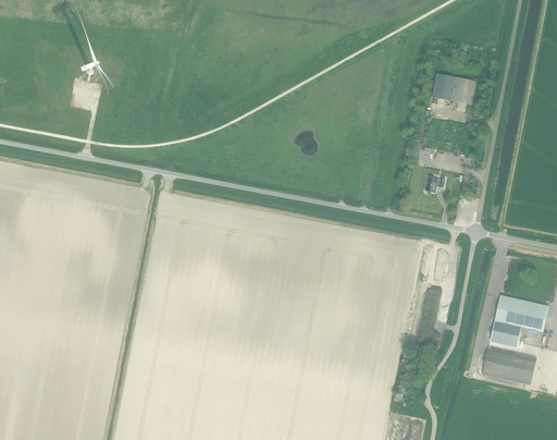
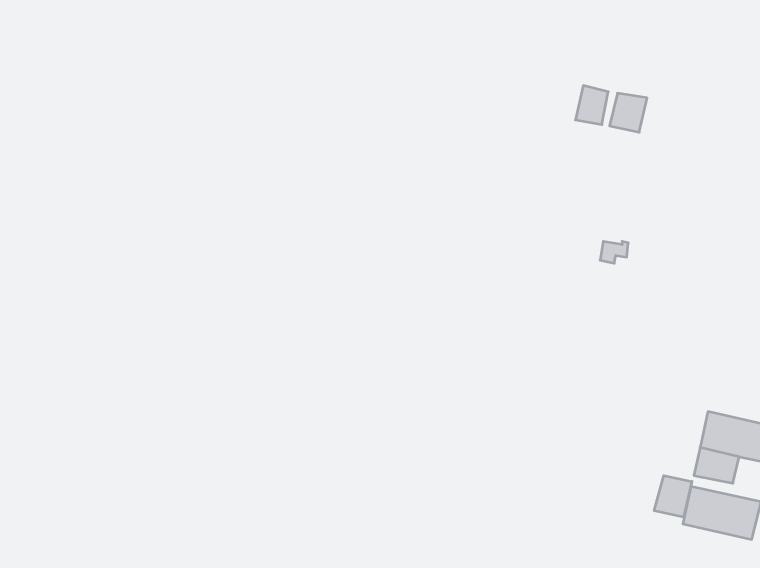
building: [451,76,474,103] -> [575,86,608,125]
building: none -> [654,476,692,517]

